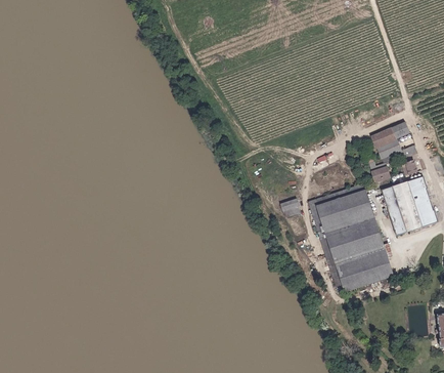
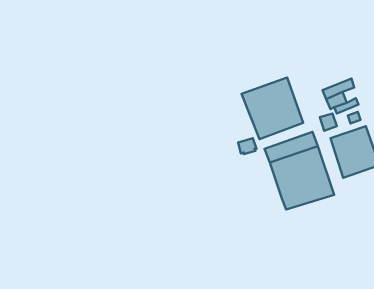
building: none -> [242,78,303,139]
building: [332,255,396,293] -> none

